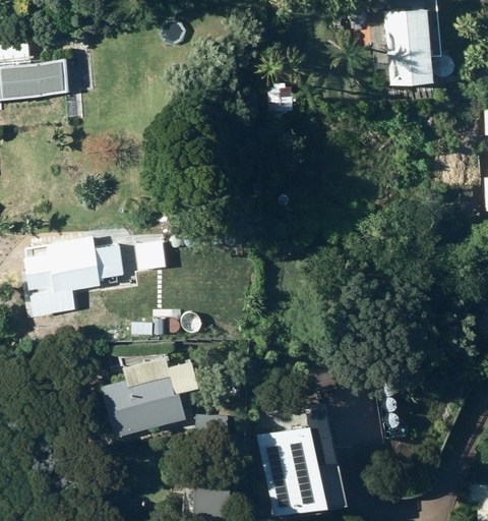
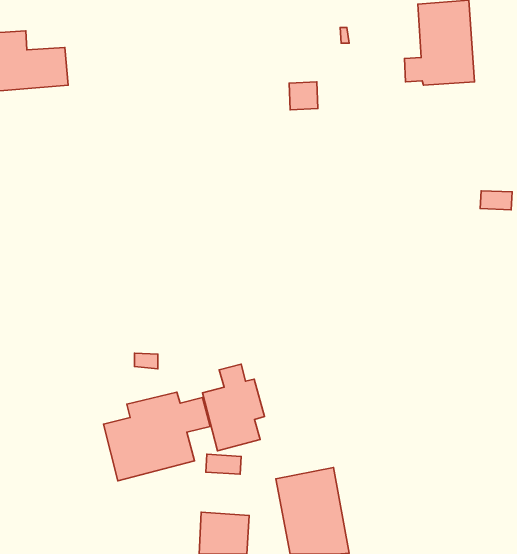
building: [27,241,123,321] -> none
building: none -> [202,364,265,451]

